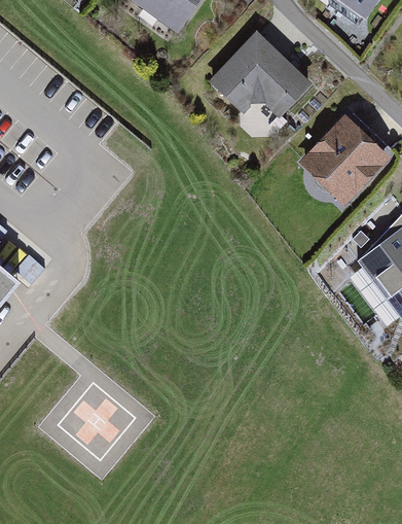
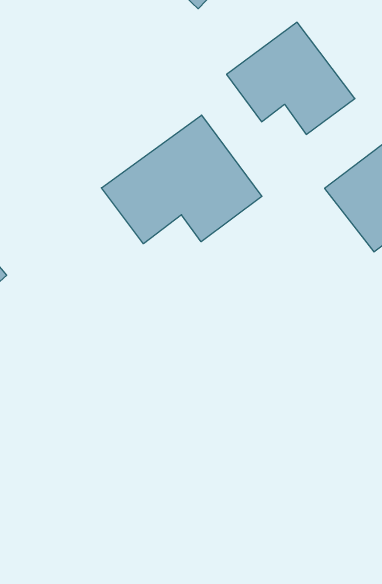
building: none -> [101,115,262,244]

